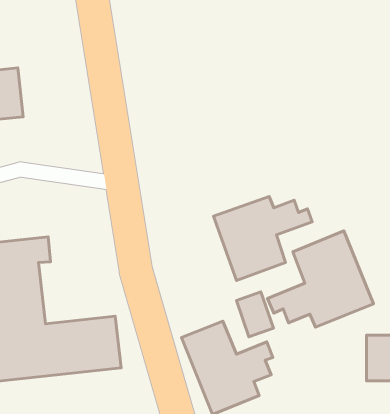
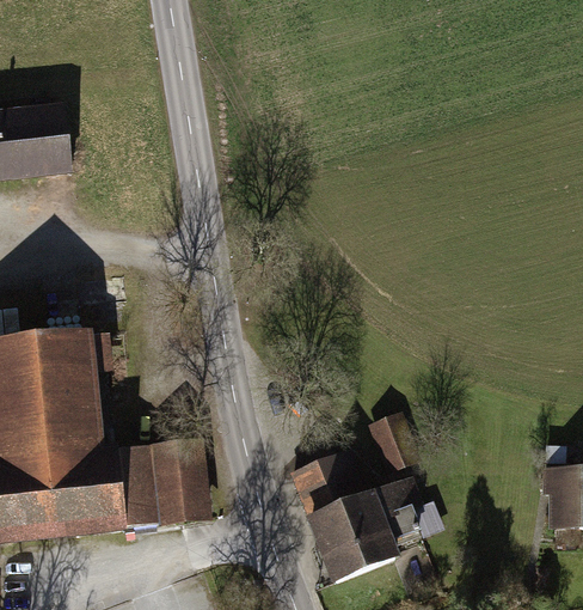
building: [214,196,312,280] -> none
building: [268,231,373,327] -> none

